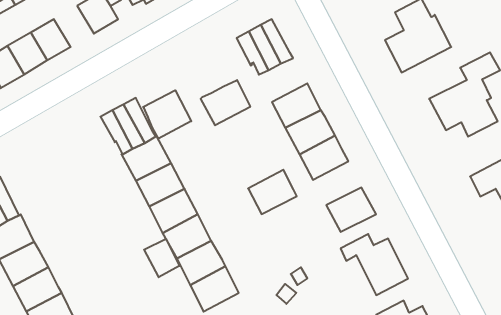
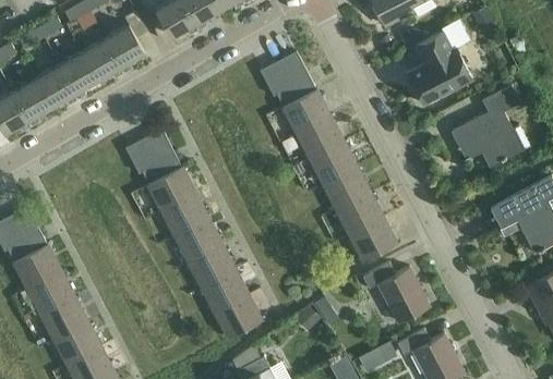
building: none -> [81,39,120,80]
building: [201,80,250,125] -> [281,89,330,134]
building: [143,90,191,139] -> none
building: [248,170,297,214] -> [336,192,384,235]
building: [144,239,180,277] -> none

